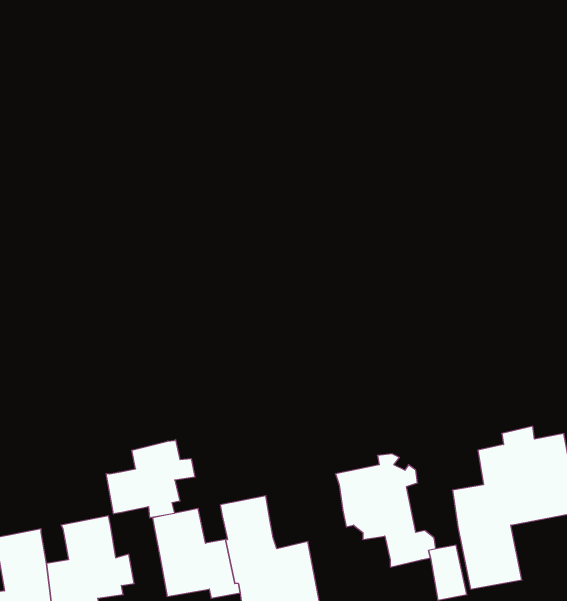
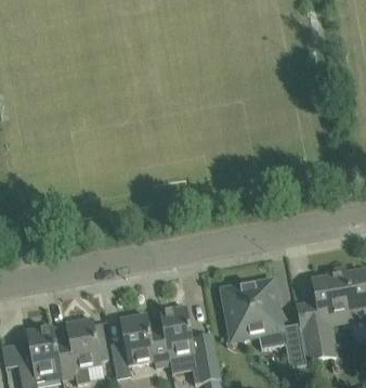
building: [106,440,195,518] -> none

